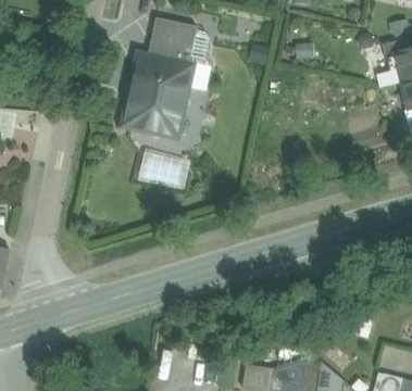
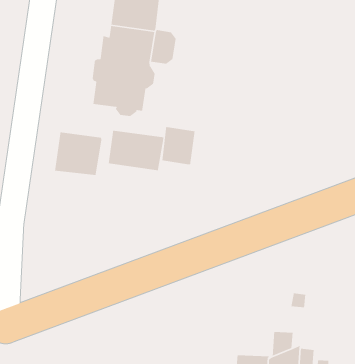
building: none -> [54,131,102,176]
building: none -> [162,126,196,165]

